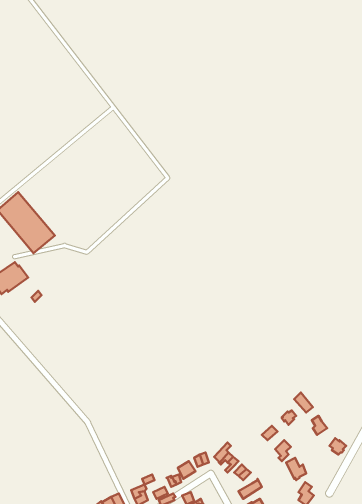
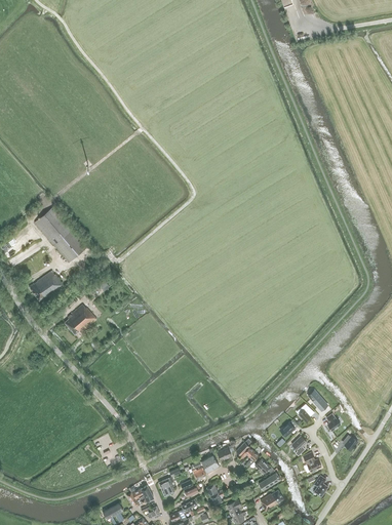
building: none -> [65,305,96,334]

